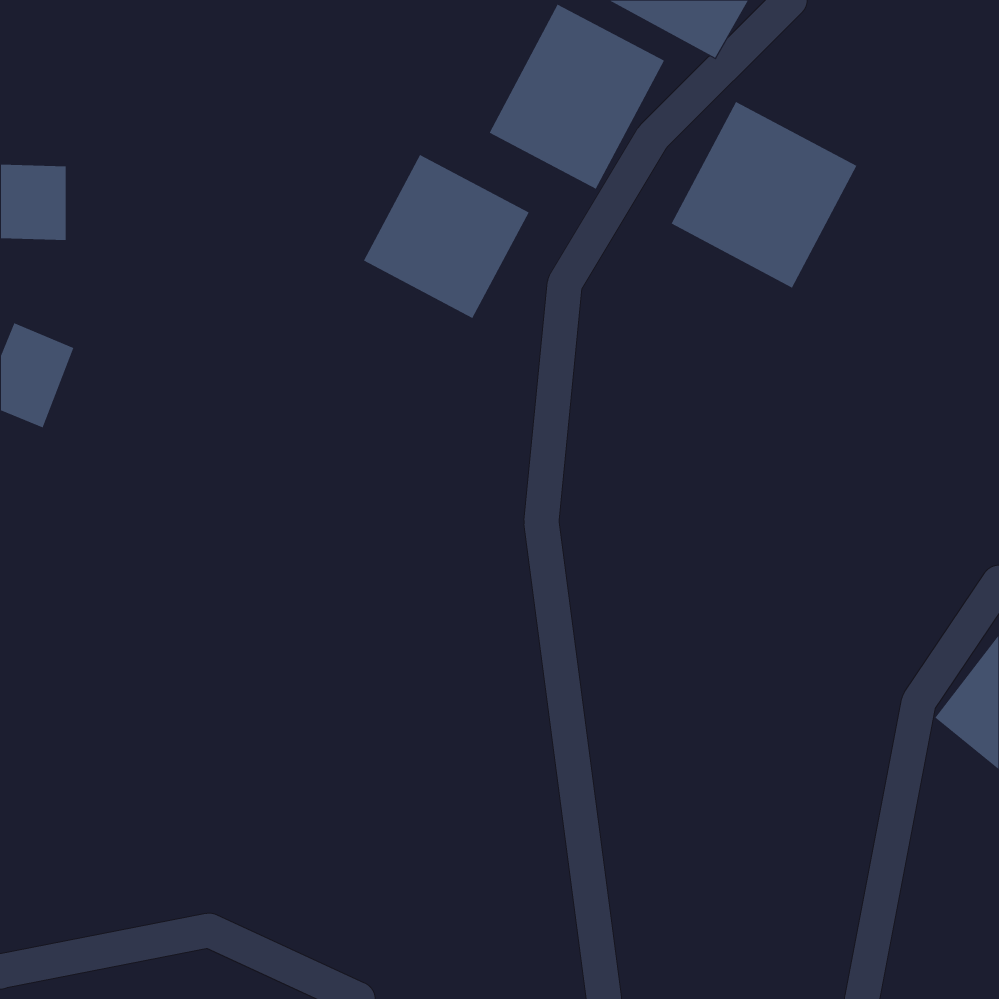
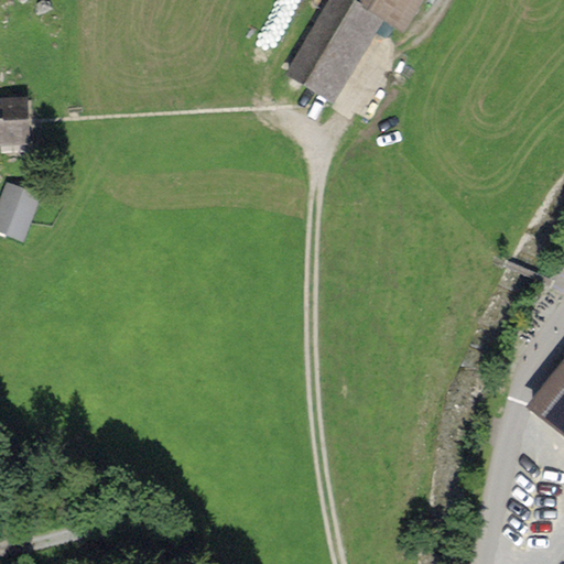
building: [671,101,857,288] -> none
building: [363,154,529,319] -> none

